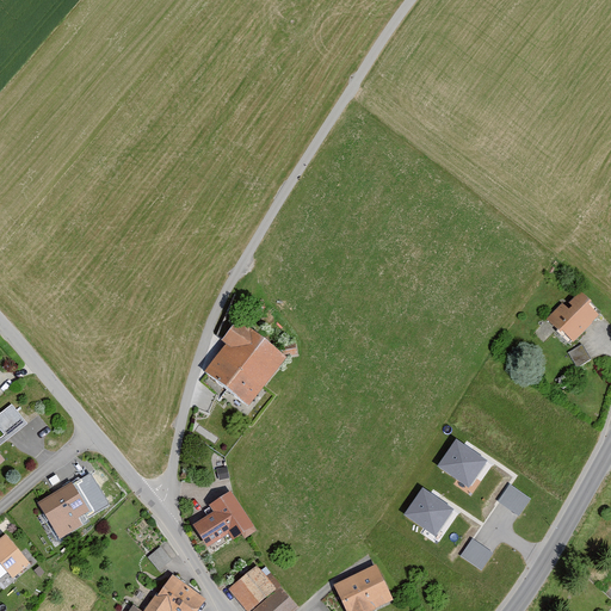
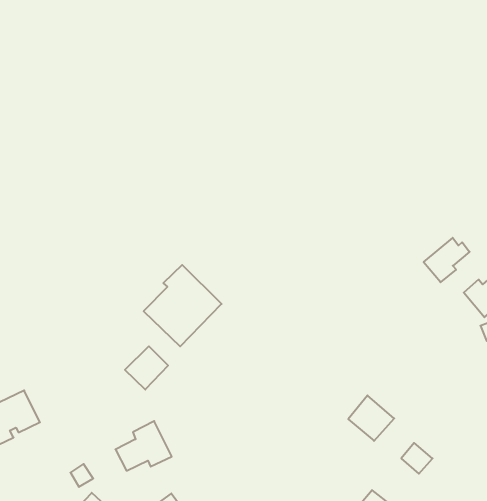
building: none -> [424,238,470,282]
building: none -> [125,346,168,390]
building: [405,489,451,535] -> none

